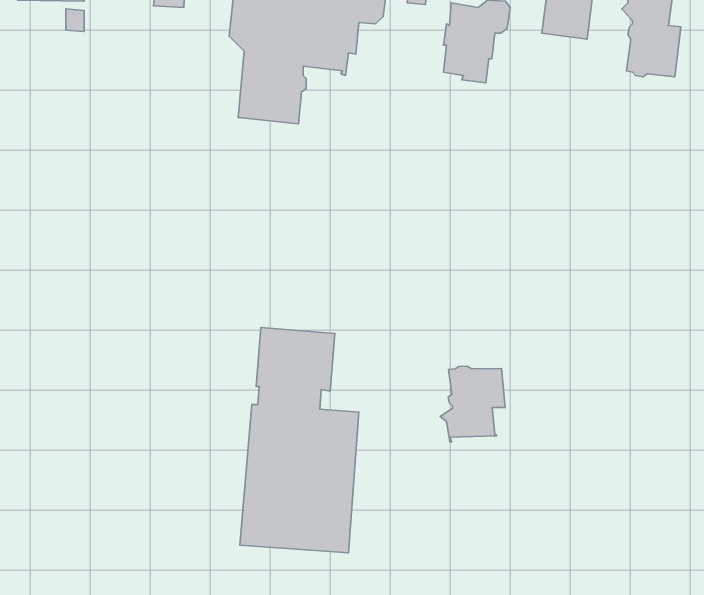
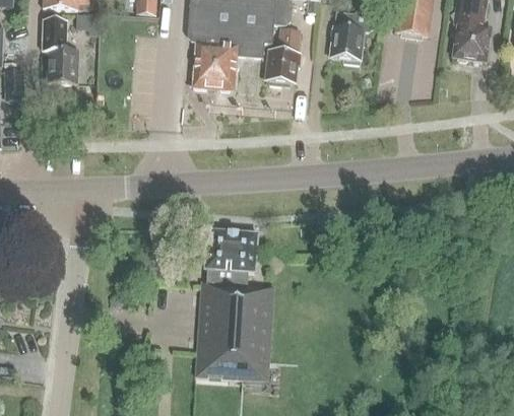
building: none -> [42,19,76,84]
building: none -> [266,27,301,84]
building: [440,366,505,442] -> none

